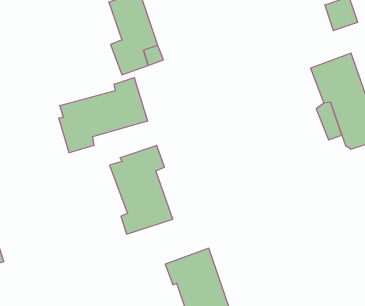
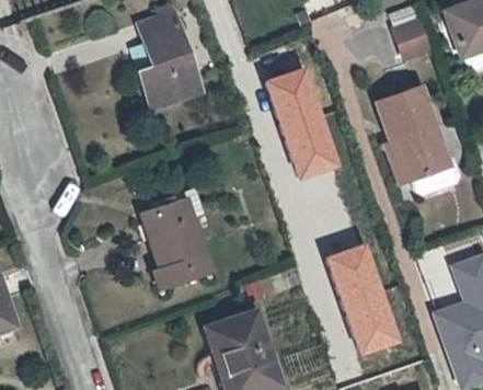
building: none -> [264,66,342,181]
building: [59,78,147,153] -> none
building: none -> [331,244,390,340]

